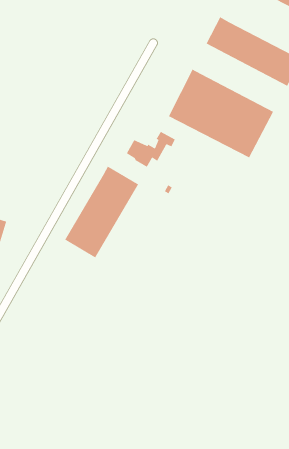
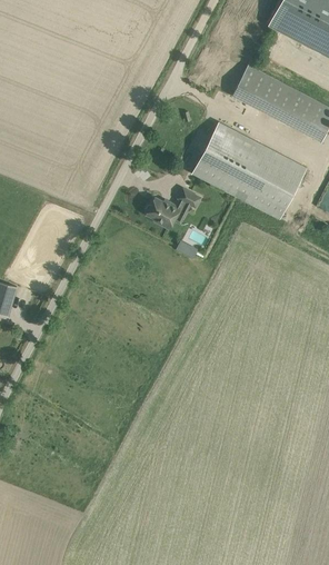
building: [64,165,139,258] -> none

